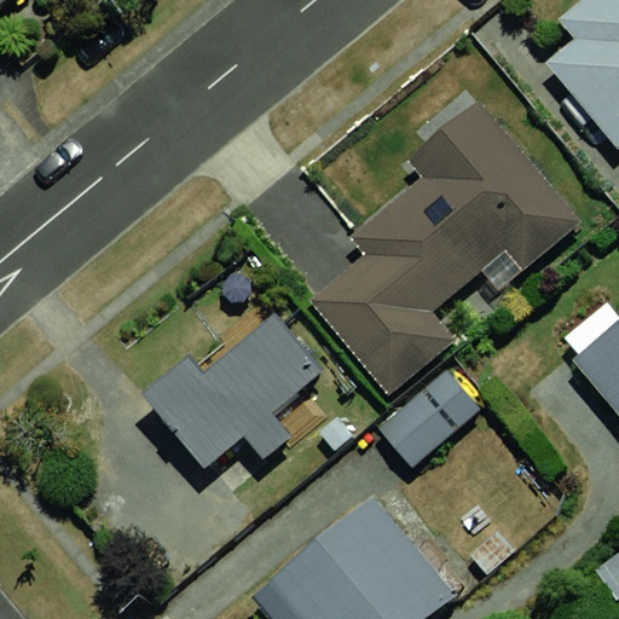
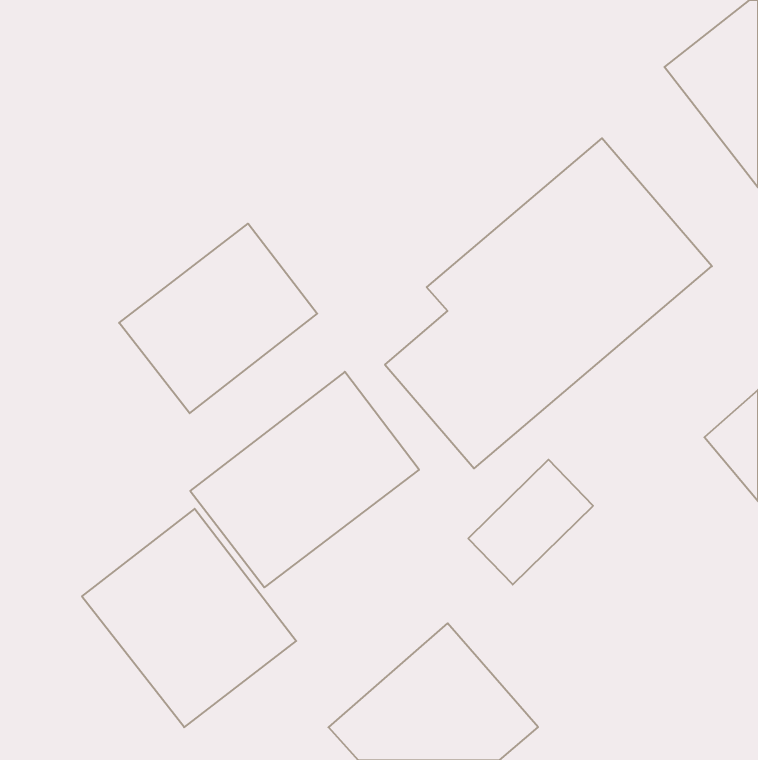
building: none -> [119,224,317,413]
building: none -> [82,509,296,727]

